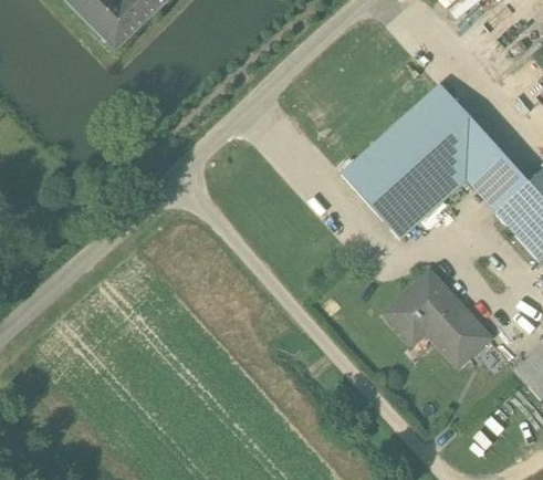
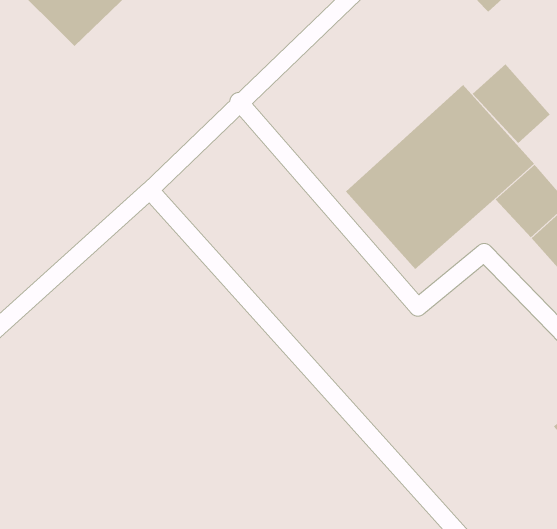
building: none -> [472,63,551,144]
building: [385,269,490,364] -> none

